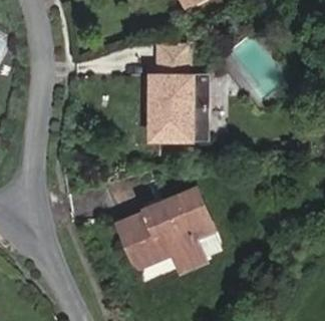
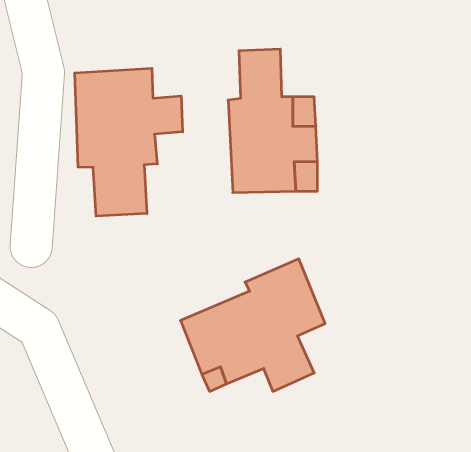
building: none -> [75,68,183,216]

